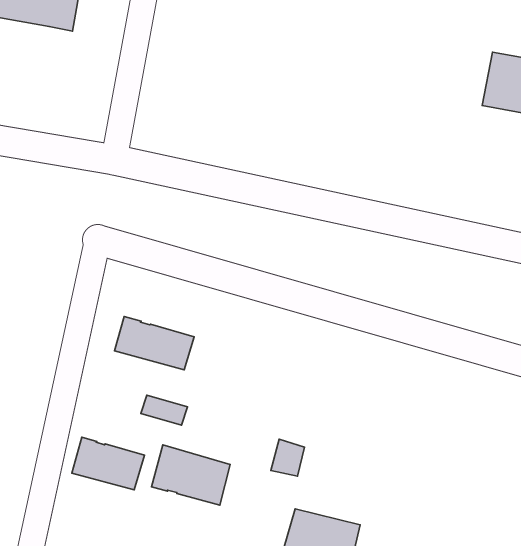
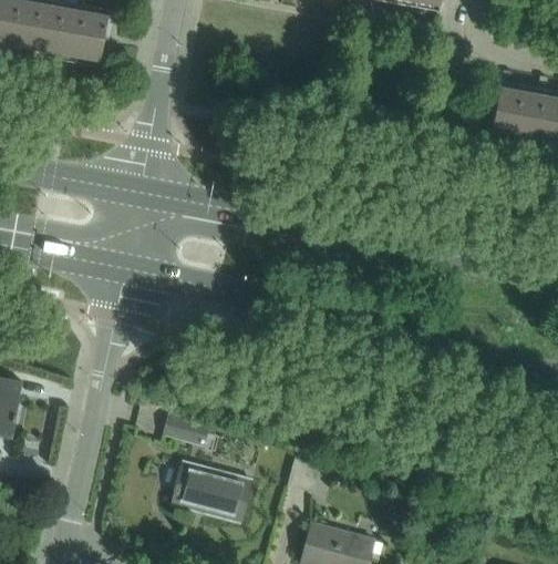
building: [114,317,194,370] -> none
building: [72,437,144,490] -> none

